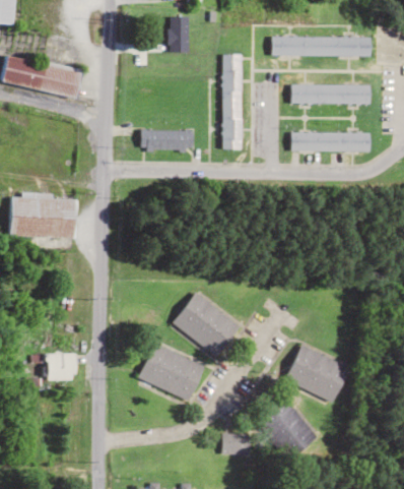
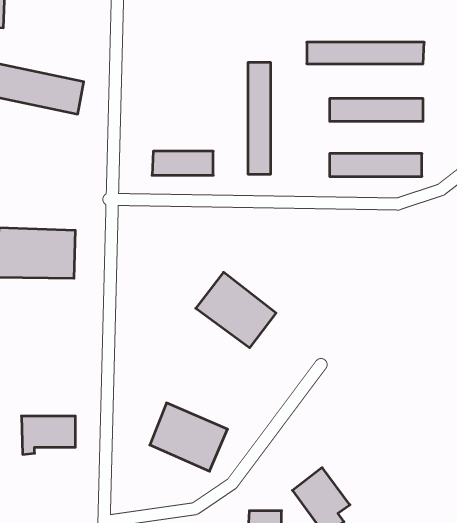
building: [170,15,189,52] -> none
building: [173,293,241,357] -> [196,272,276,348]
building: [285,346,349,402] -> none

